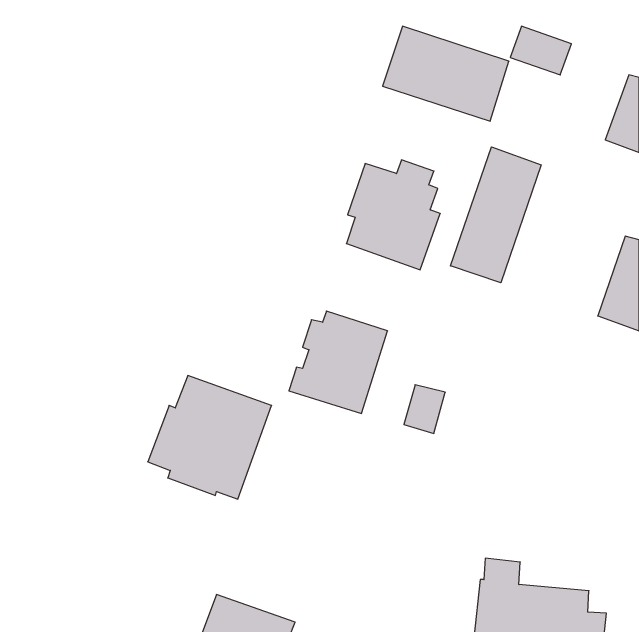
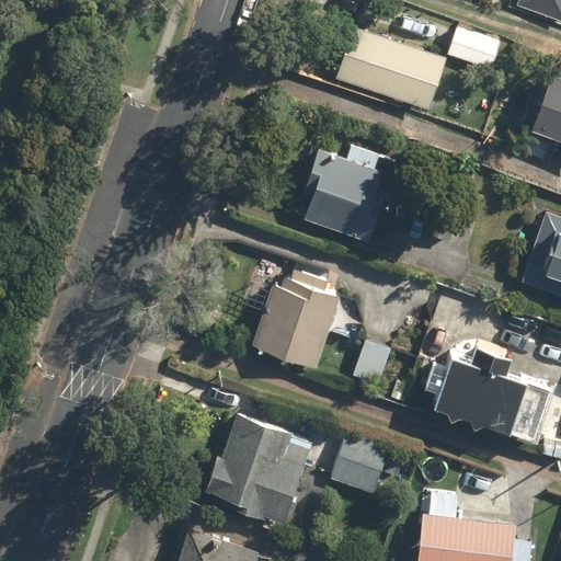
building: [450,147,541,283] -> none
building: [148,376,272,499] -> [204,415,312,524]
building: none -> [424,354,552,440]
building: none -> [331,433,407,495]

